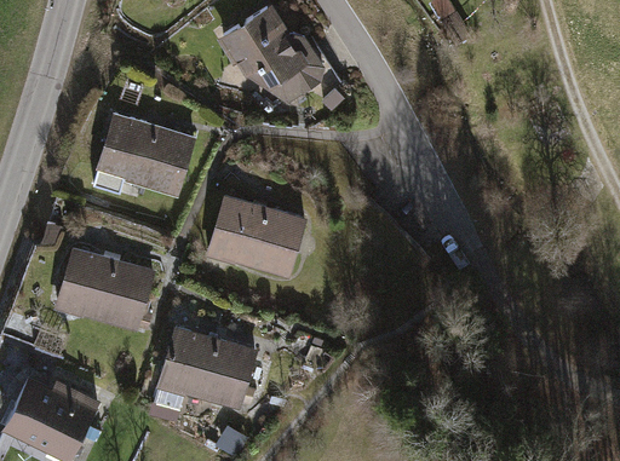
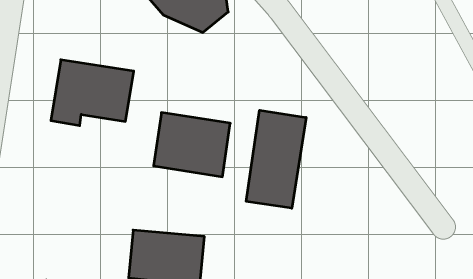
building: none -> [246,110,306,208]
building: [52,242,157,336] -> none

